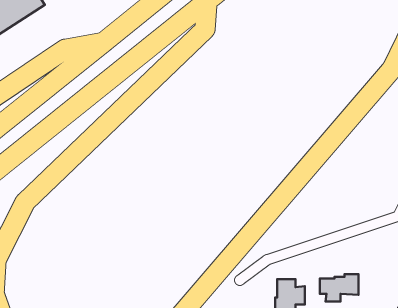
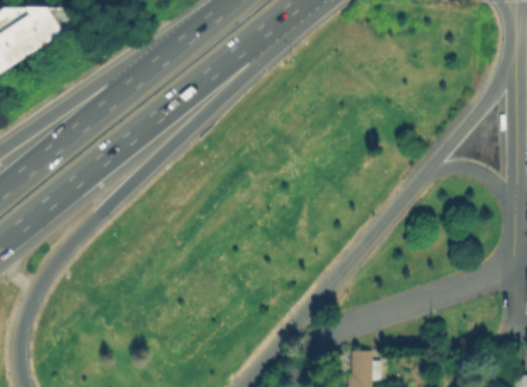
building: [320,274,359,302] -> none

